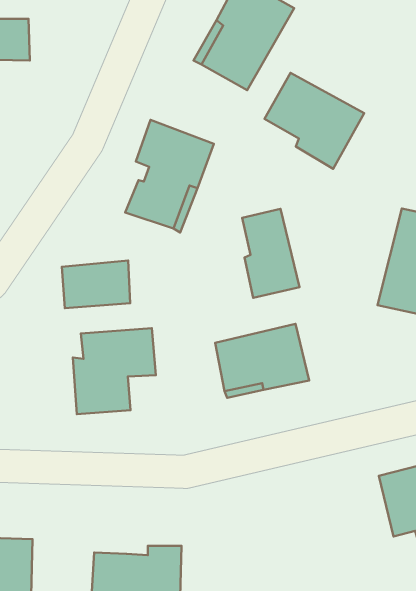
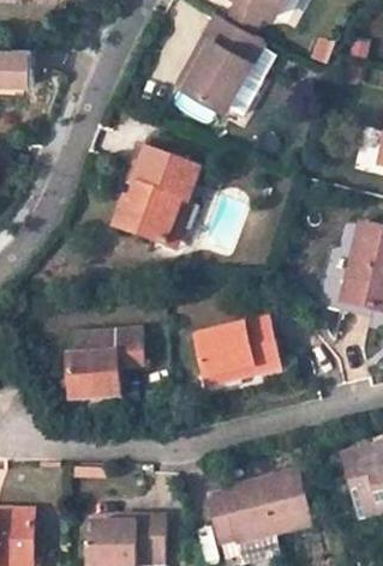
building: [265,73,364,169] -> none
building: [242,209,299,298] -> none
building: [62,260,130,308] -> none
building: none -> [209,472,312,546]

